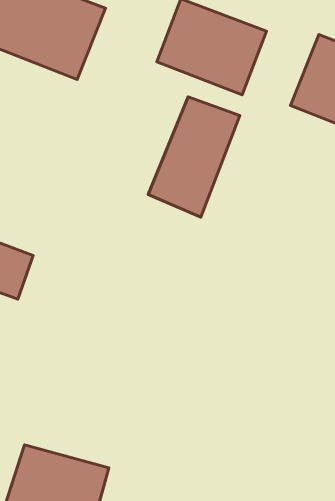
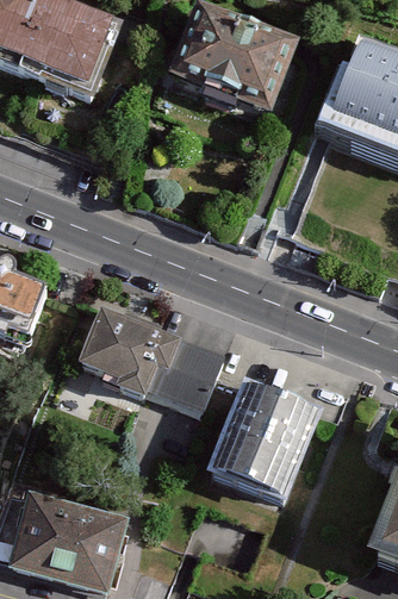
building: [148,97,240,217] -> none
building: none -> [83,306,226,413]
building: none -> [217,385,321,493]

